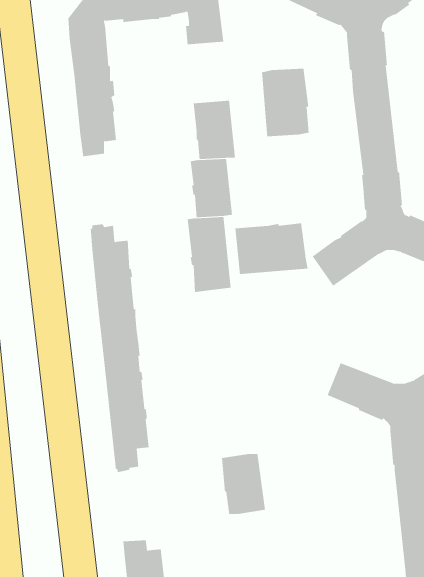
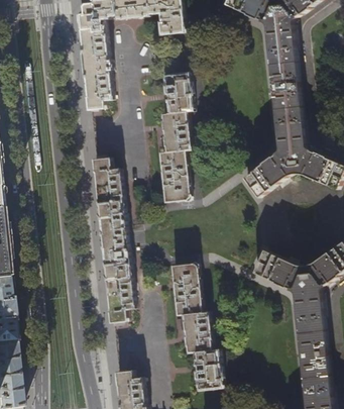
building: [262,68,309,137] -> none
building: [235,223,308,275] -> none
building: none -> [173,263,203,315]
building: none -> [195,348,224,390]

